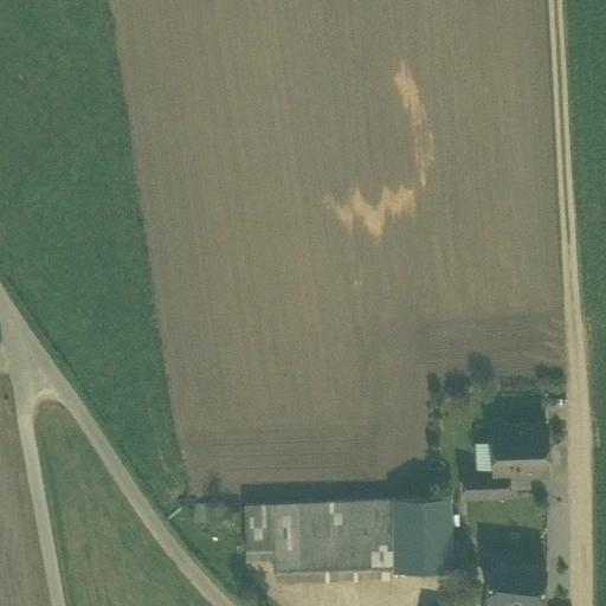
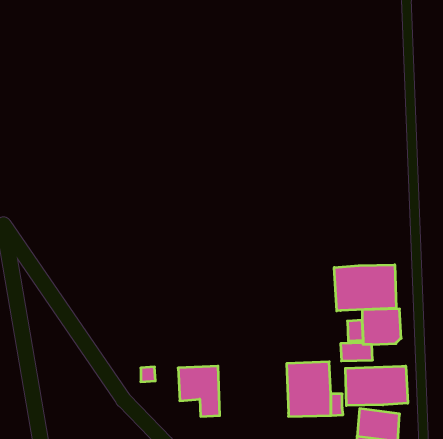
building: none -> [334,265,396,311]
building: [297,502,393,573] -> none
building: none -> [345,366,408,406]

